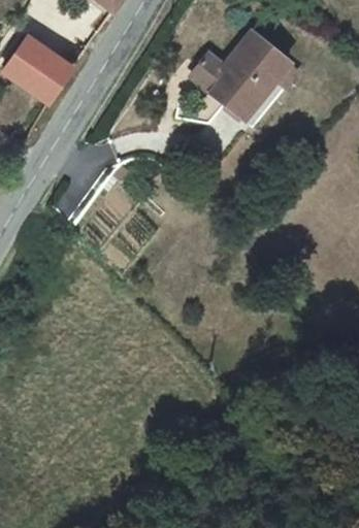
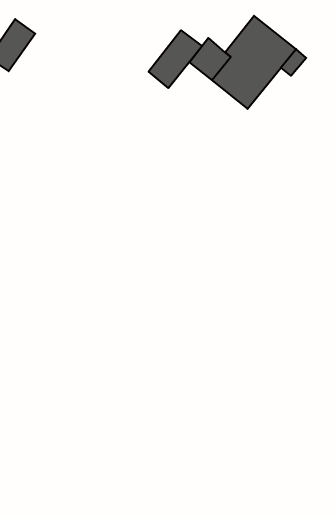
building: none -> [149,30,202,88]
building: [22,48,72,102] -> none

